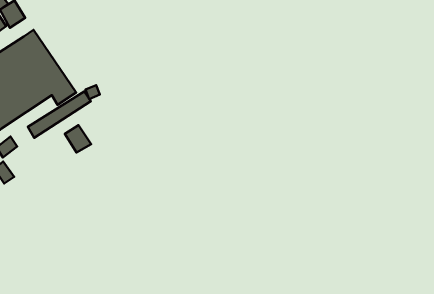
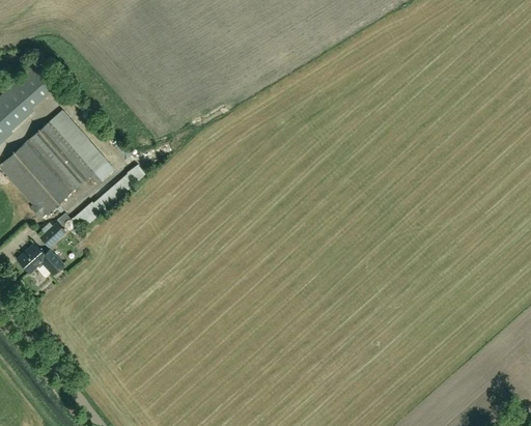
building: [65,125,91,153] -> none

